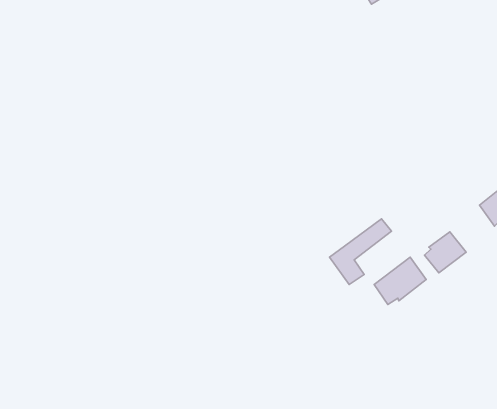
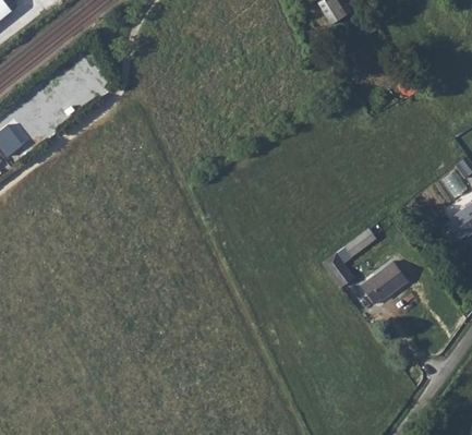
building: [424,232,466,273] -> none

